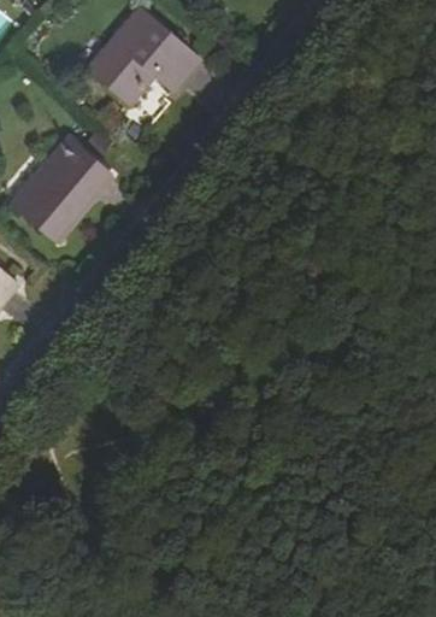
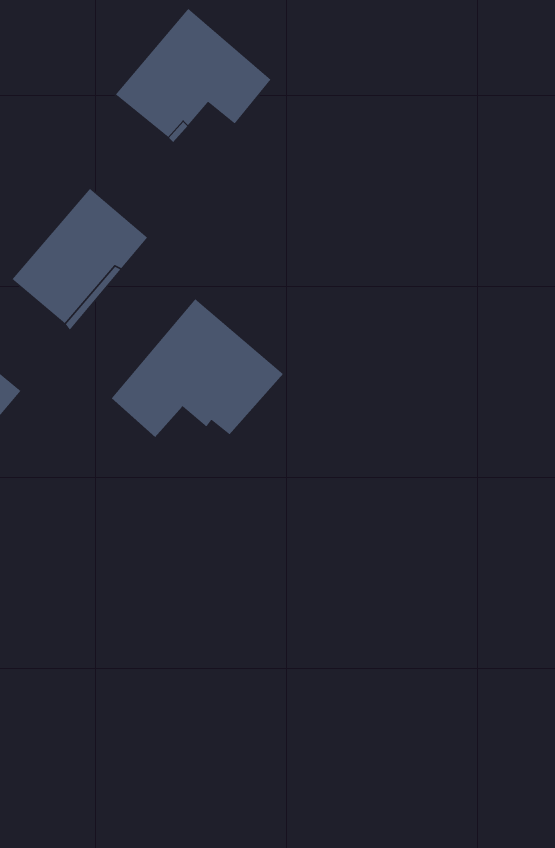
building: none -> [111,298,284,438]

